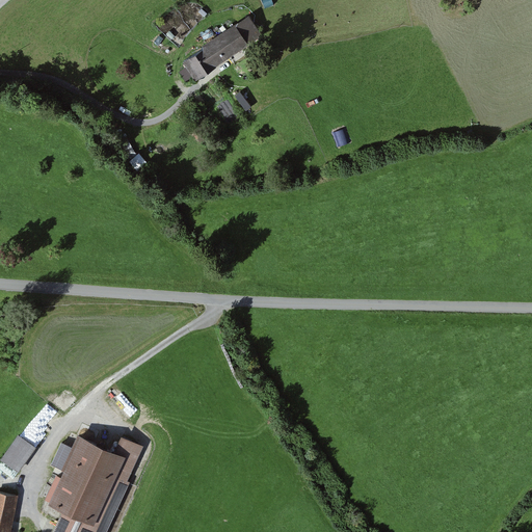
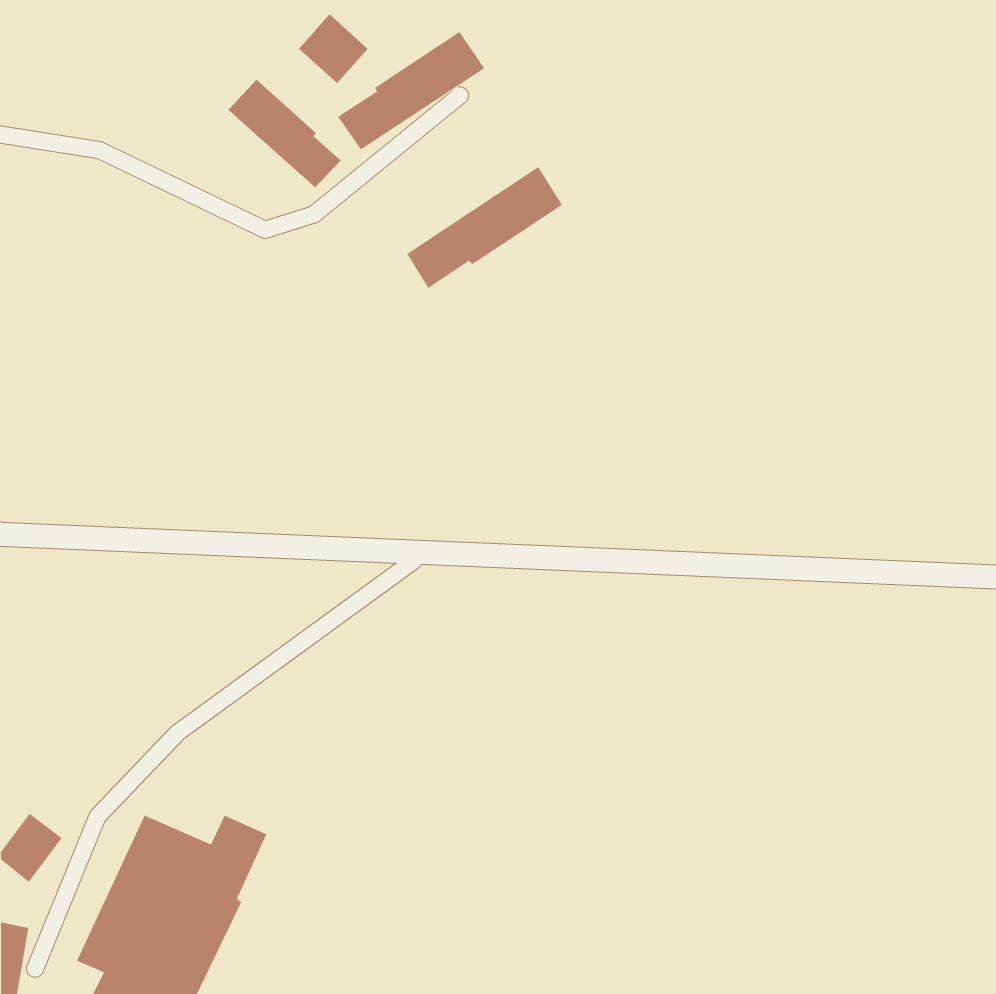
building: none -> [228,79,342,188]
building: none -> [407,166,563,289]

